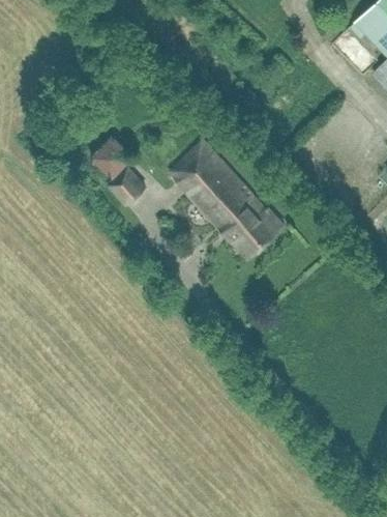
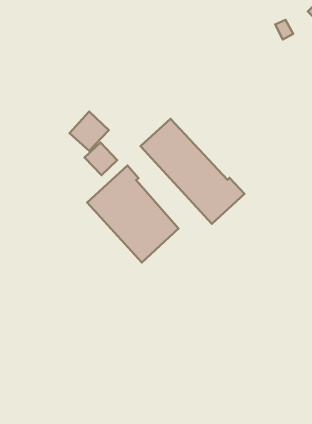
building: none -> [87,165,179,262]

